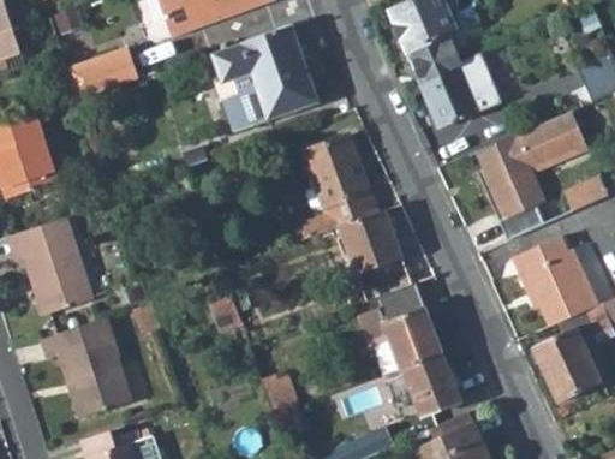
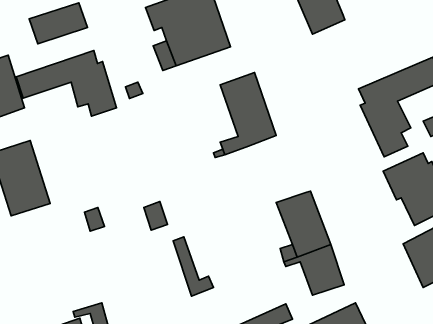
building: [420,54,503,131] -> none
building: none -> [16,50,116,116]
building: [340,209,413,302] -> none
building: [37,320,129,417] -> none

